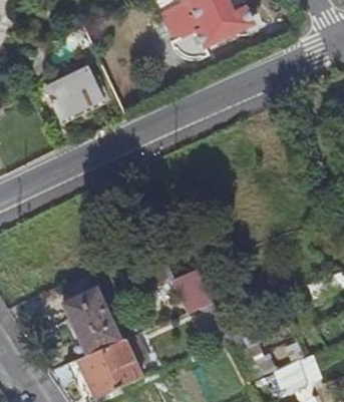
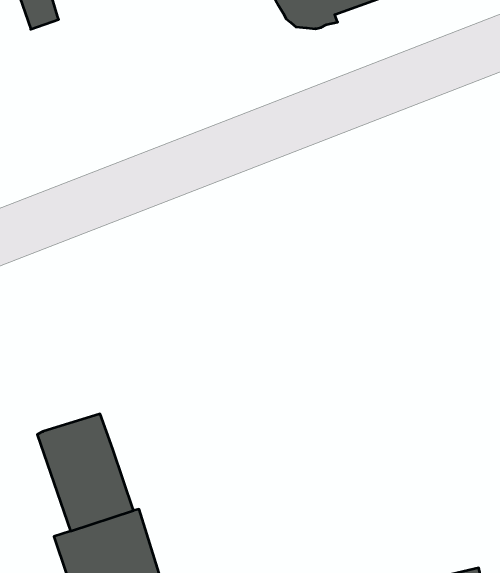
building: [44,67,101,117] -> none
building: [176,265,215,309] -> none

